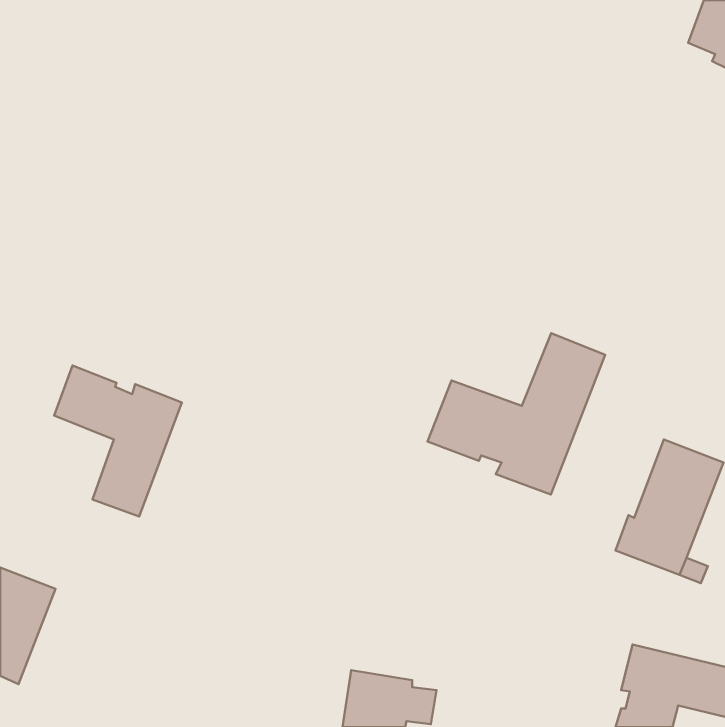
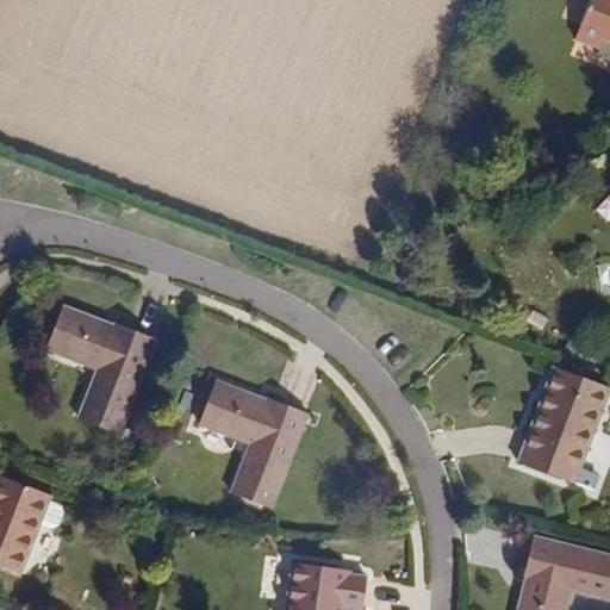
building: [428,333,605,494] -> none
building: none -> [200,382,306,508]

